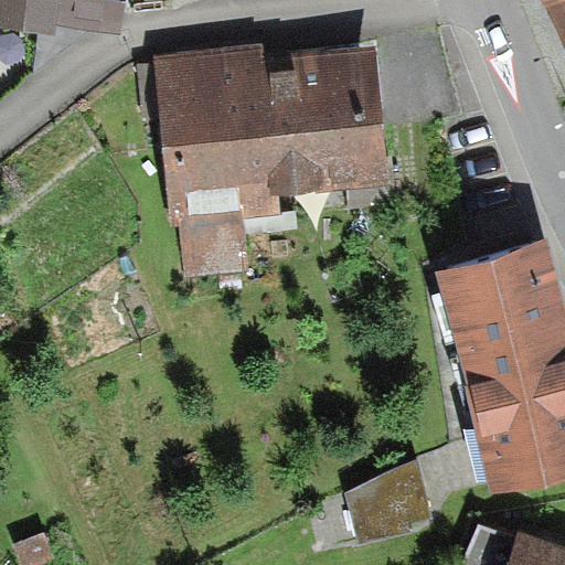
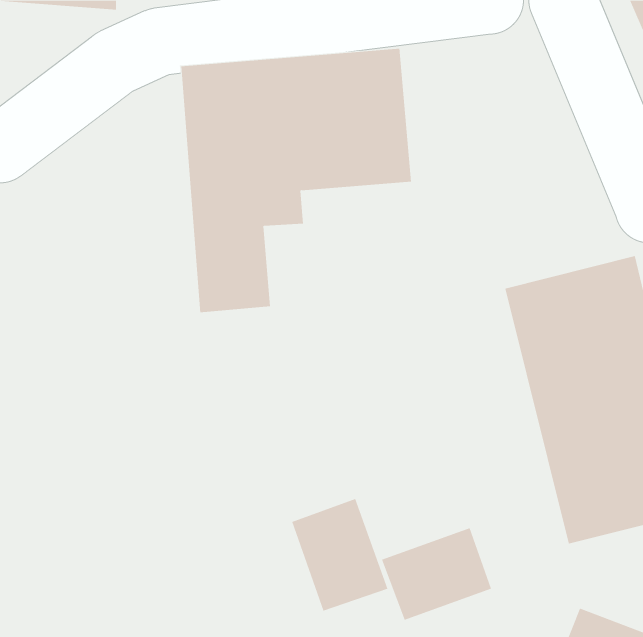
building: none -> [291,498,388,611]

